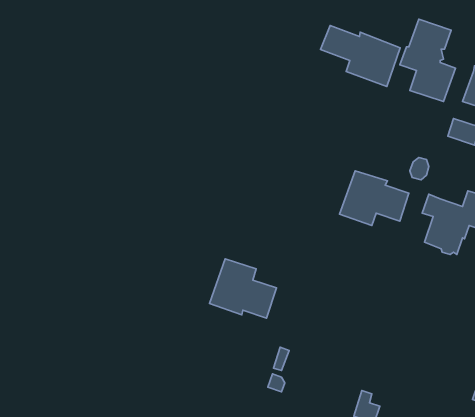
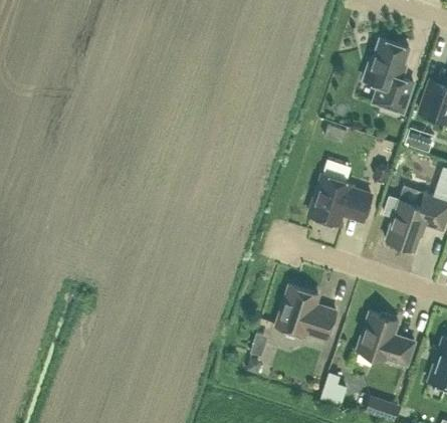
building: [320,26,400,86] -> none
building: [209,259,276,318] -> [276,285,337,339]
building: none -> [357,311,415,365]

